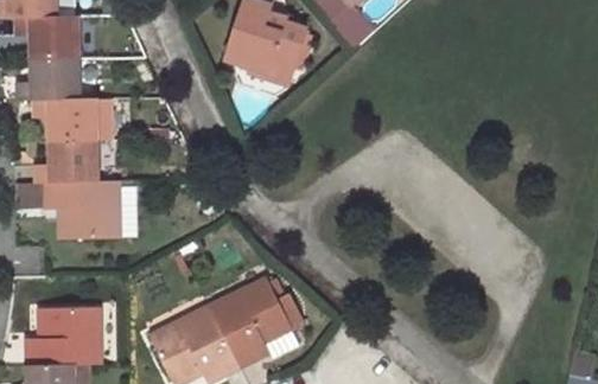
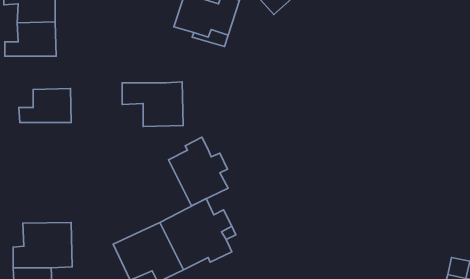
building: [30,98,95,141] -> none
building: [42,181,117,237] -> [122,82,183,126]
building: none -> [168,137,228,206]

